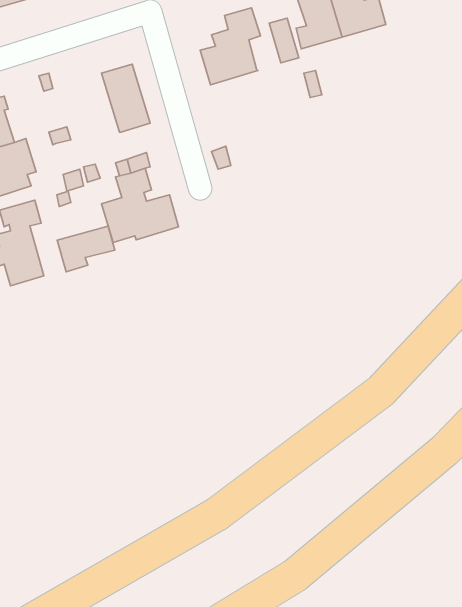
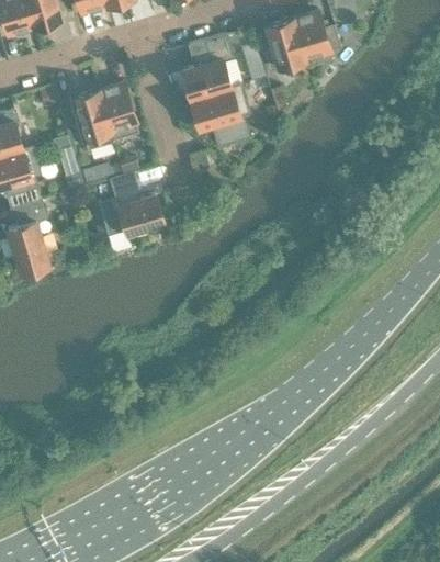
building: none -> [191,83,249,146]
building: none -> [71,90,114,150]
building: [57,226,115,272] -> none

